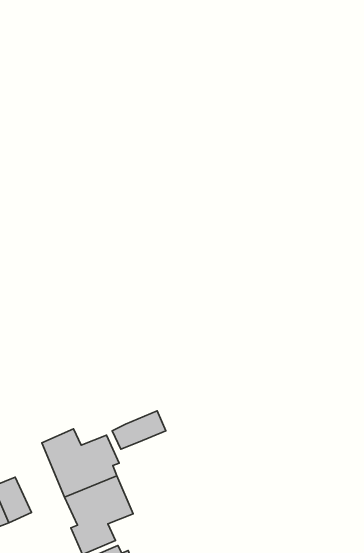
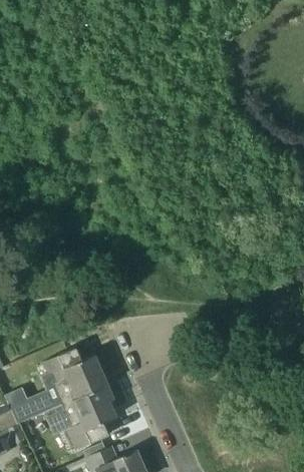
building: [112,411,166,449] -> none
building: none -> [40,403,70,435]

